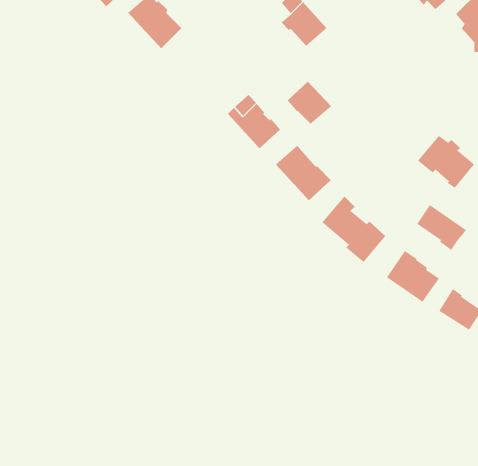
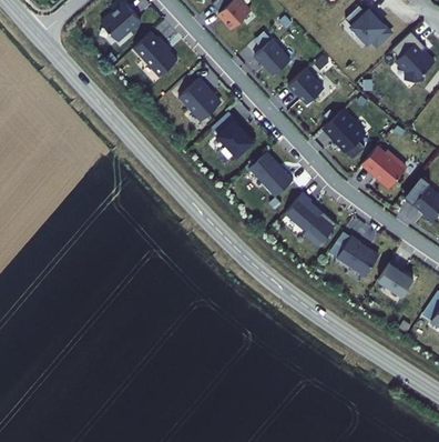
building: none -> [178,79,221,121]
building: [287,81,332,124] -> [288,69,324,103]
building: none -> [324,110,365,152]
building: [417,204,467,251] -> none

